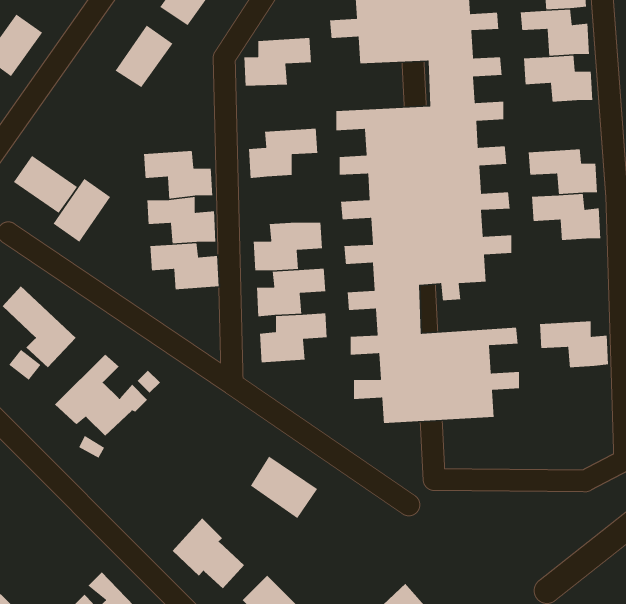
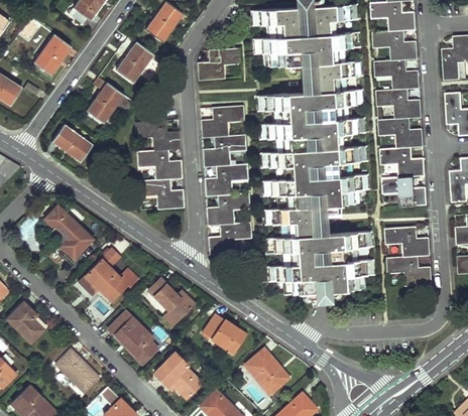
building: none -> [377,89,422,120]
building: none -> [202,135,247,167]
building: [52,178,111,243] -> [86,82,123,123]
building: none -> [382,176,427,206]
building: none -> [387,257,432,288]
building: none -> [147,277,193,319]
building: none -> [108,311,156,363]
building: none -> [243,348,287,394]
building: none -> [52,349,98,393]

